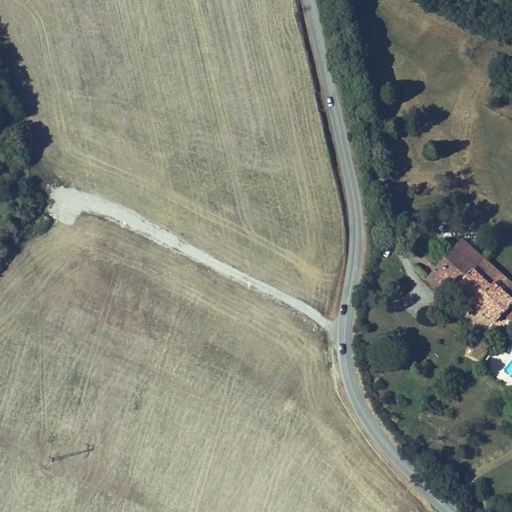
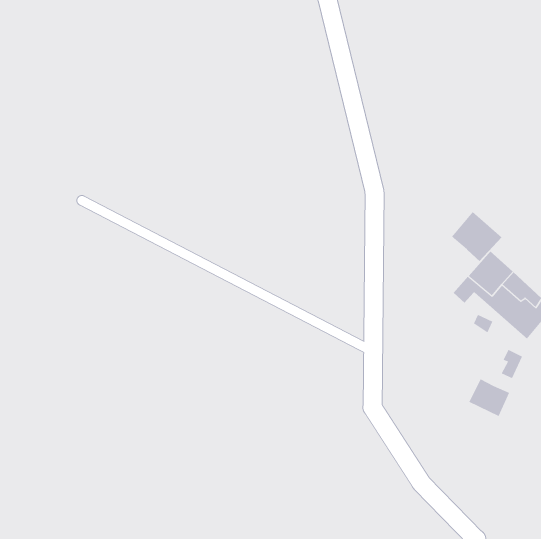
building: none -> [451,211,502,262]
building: none -> [468,379,510,417]

